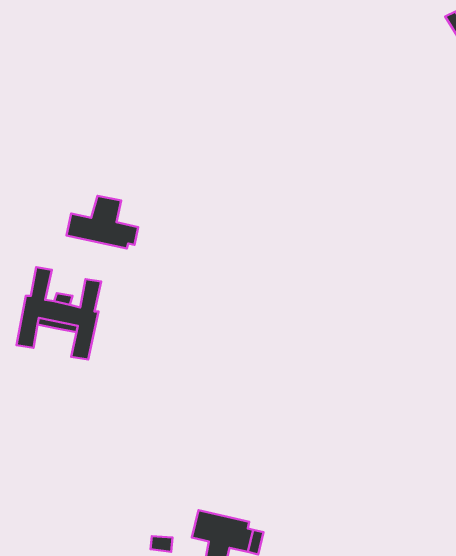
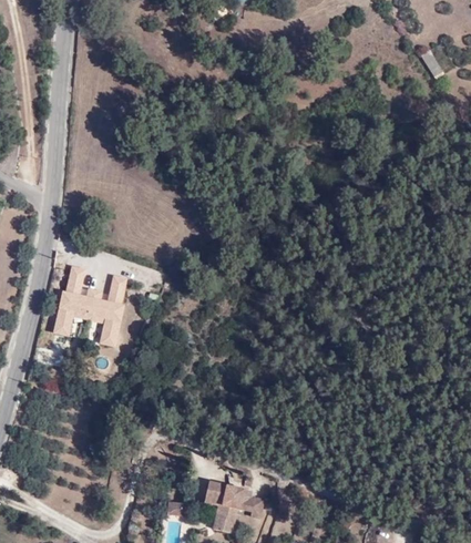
building: [66,196,138,248] -> none

